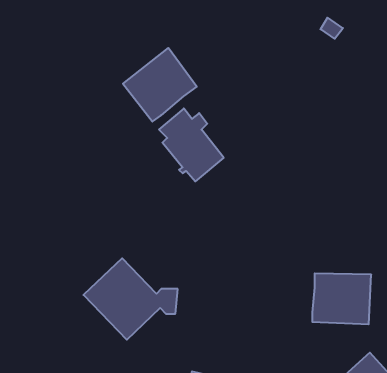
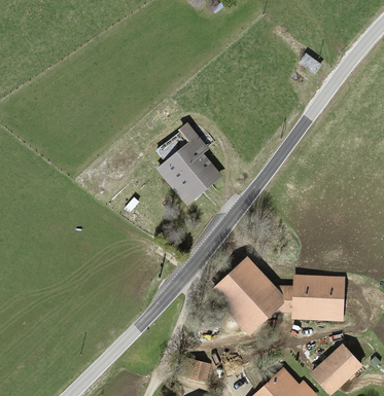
building: [123,48,197,122] -> none
building: [83,258,178,340] -> [213,261,295,332]

